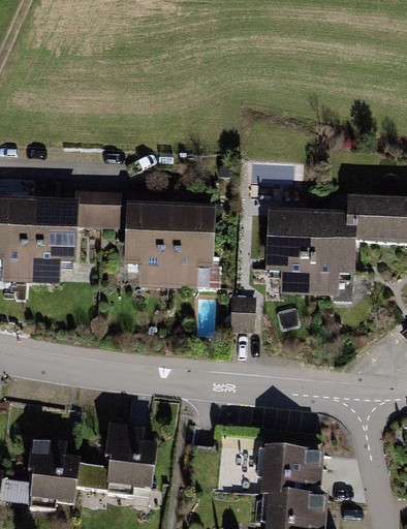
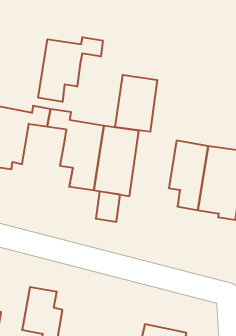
building: none -> [38,37,103,102]
building: none -> [115,75,157,132]
building: [231,301,258,336] -> [96,192,120,222]

